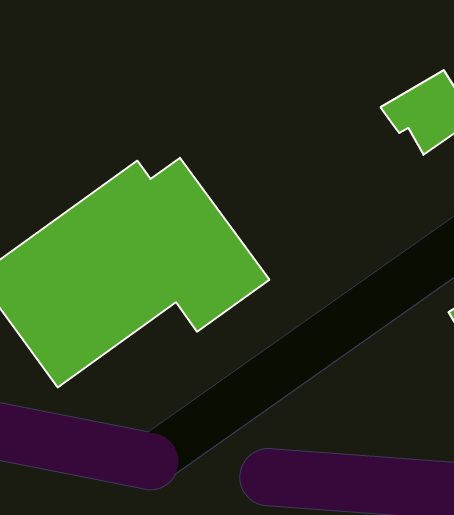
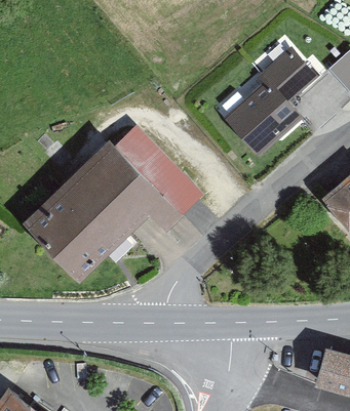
building: none -> [223,81,302,156]

